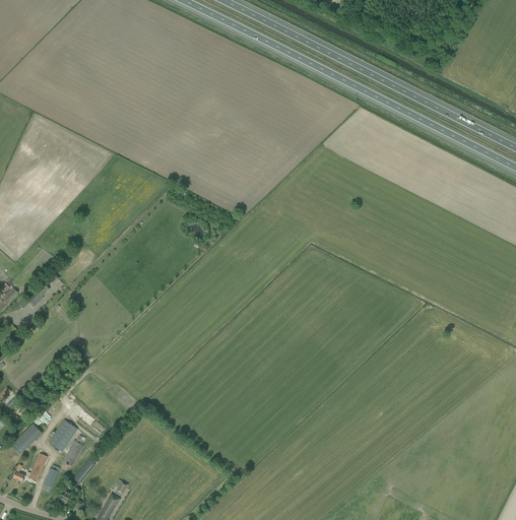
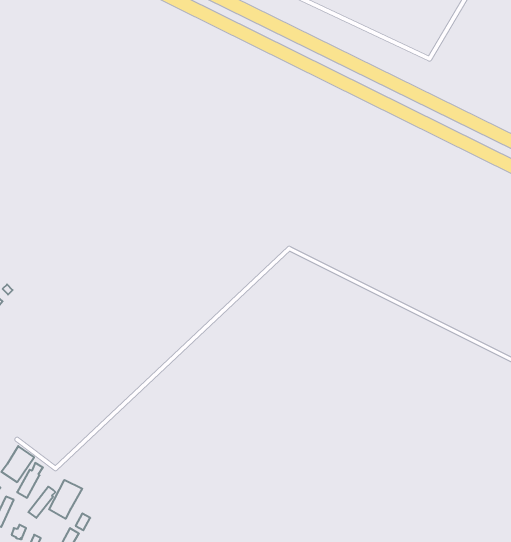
building: none -> [49,480,82,519]

